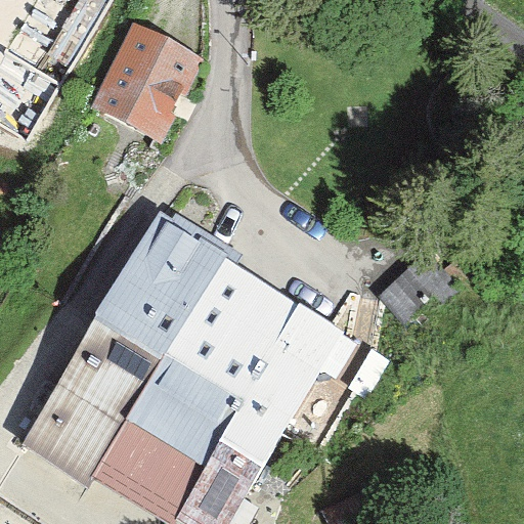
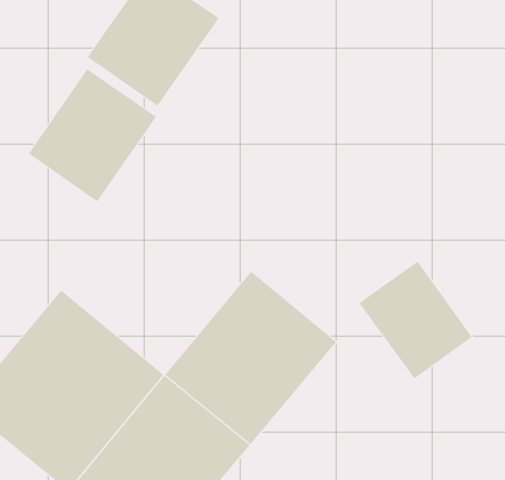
building: none -> [28,69,157,202]
building: [94,216,263,385] -> none

